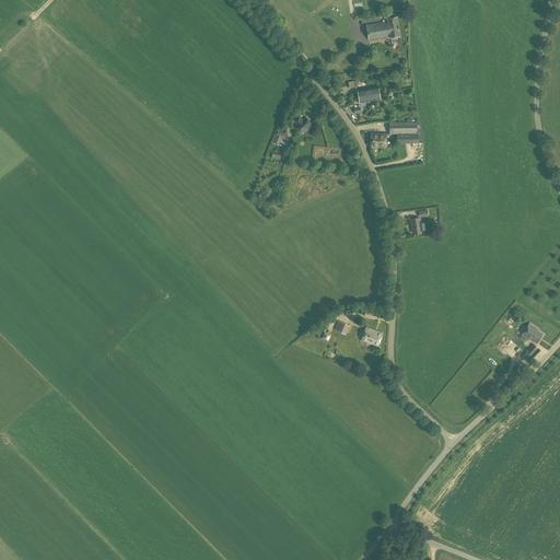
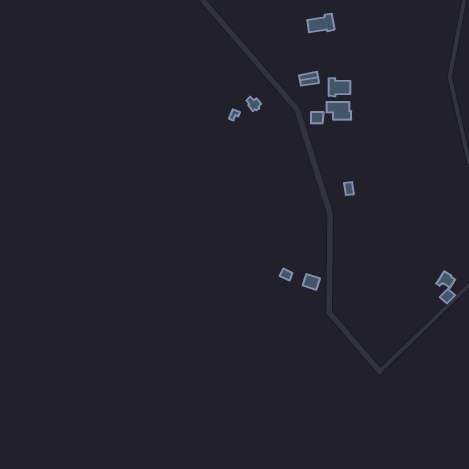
building: none -> [329,78,350,97]

